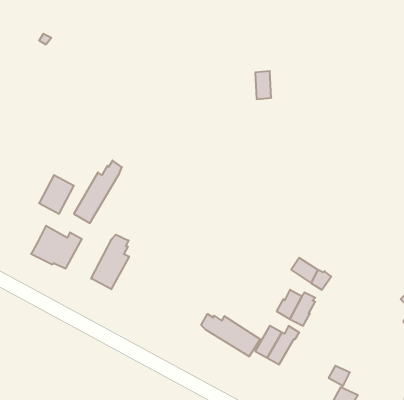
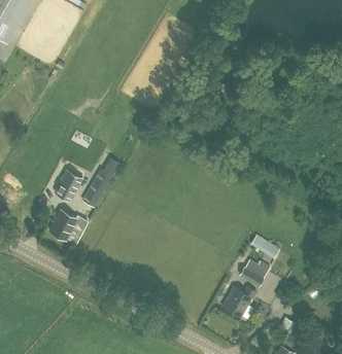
building: [91,235,129,289] -> none
building: [201,314,260,357] -> none

